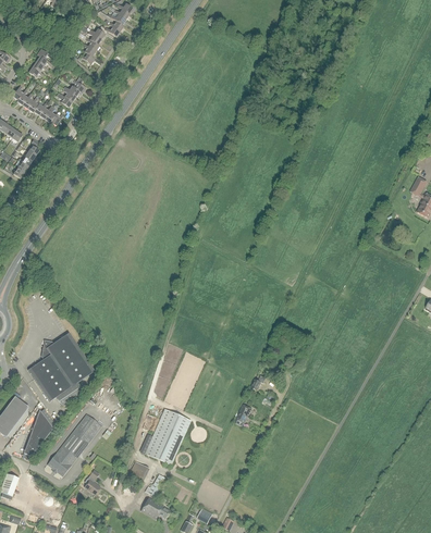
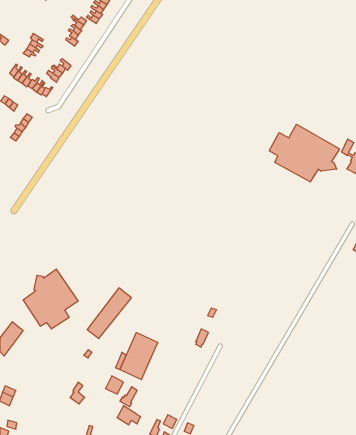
building: none -> [269,124,339,182]
building: [24,409,53,455] -> none
building: [48,413,101,474] -> [87,288,131,339]

